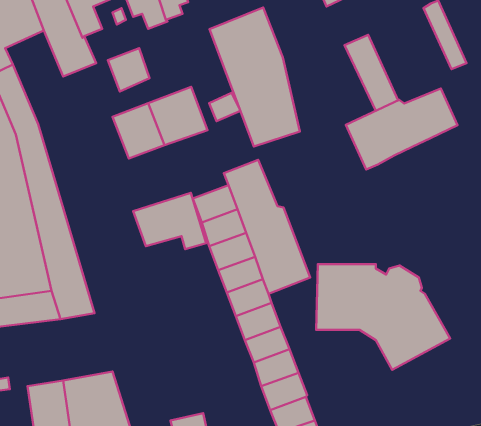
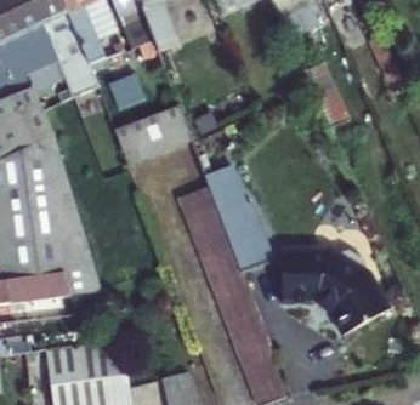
building: [209,7,300,147] -> none
building: [346,88,458,170] -> none
building: [133,193,206,249] -> none

